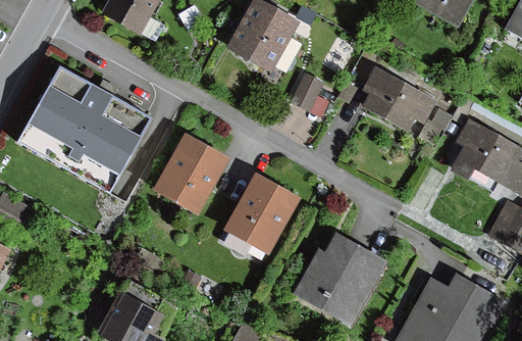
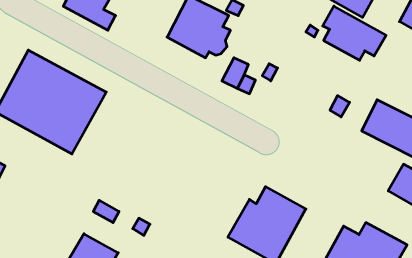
building: [358,70,433,135] -> [323,6,386,60]
building: [156,131,230,210] -> none
building: [226,169,302,250] -> none

